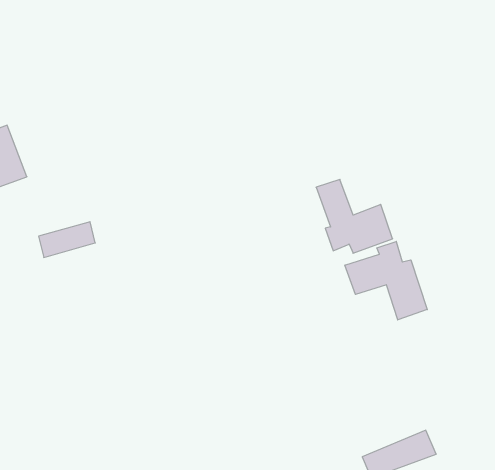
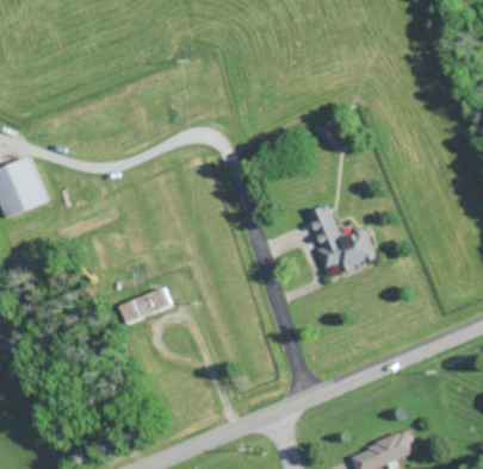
building: [39,222,95,257] -> [120,289,172,321]
building: [345,241,427,320] -> none

